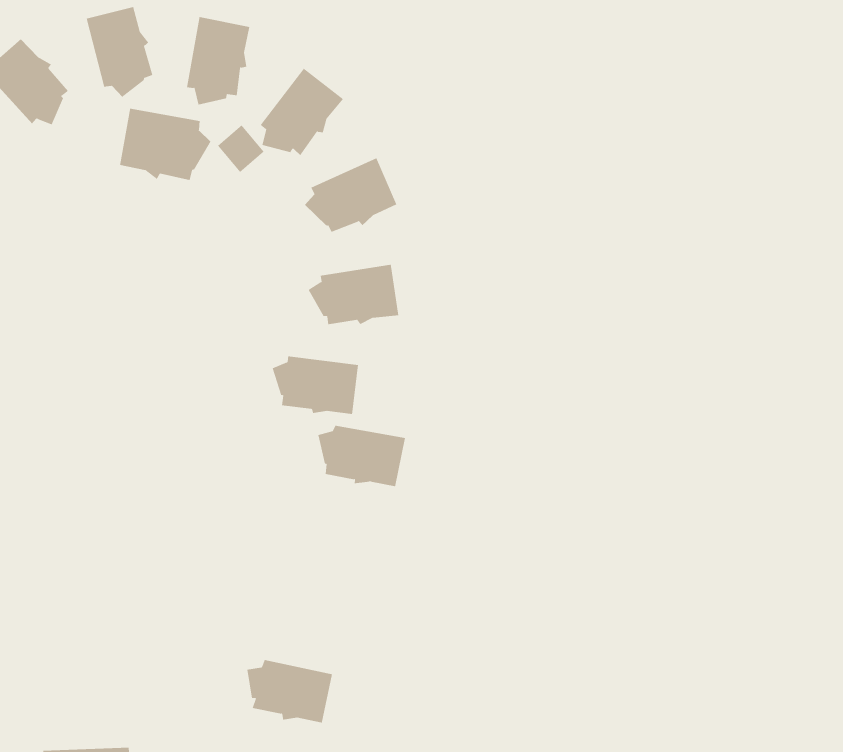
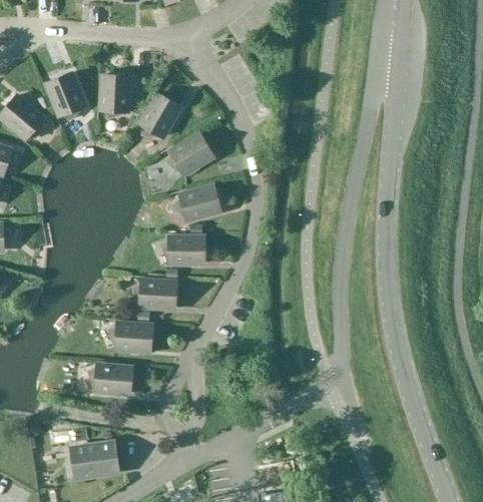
building: [119,108,211,181] -> none
building: [318,425,406,487] -> [133,280,177,308]
building: none -> [109,322,152,351]
building: [247,659,333,723] -> [89,364,132,393]

